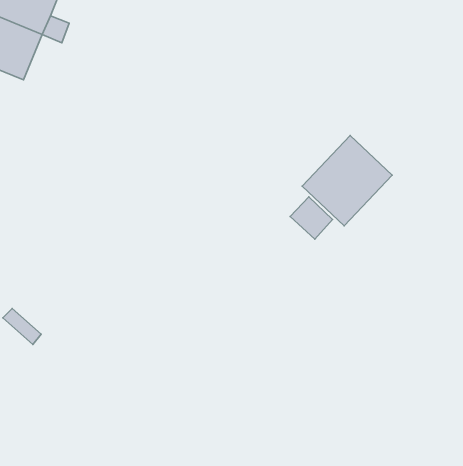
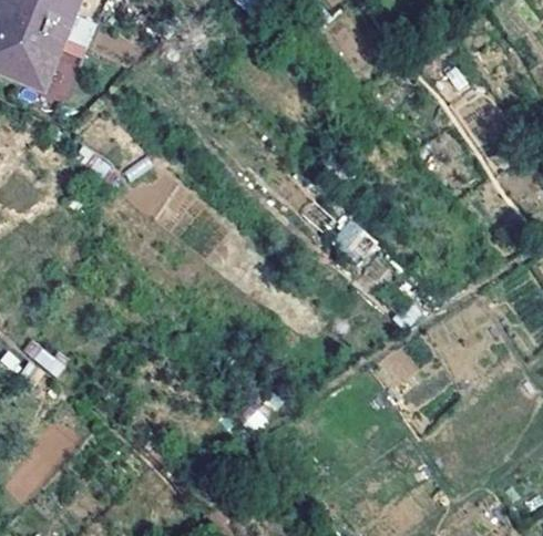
building: [302,135,392,226] -> none

